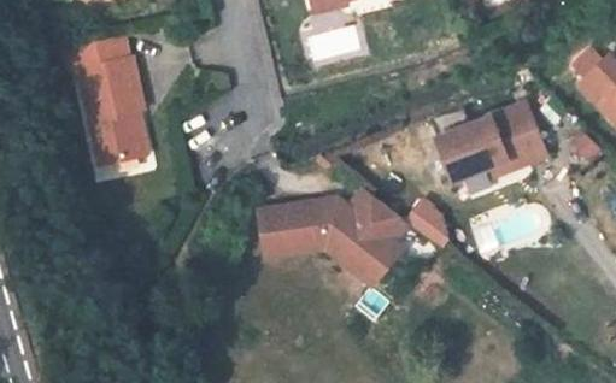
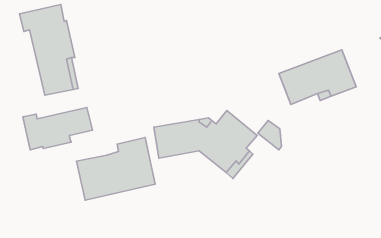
building: none -> [23,108,93,150]
building: none -> [76,137,155,200]

